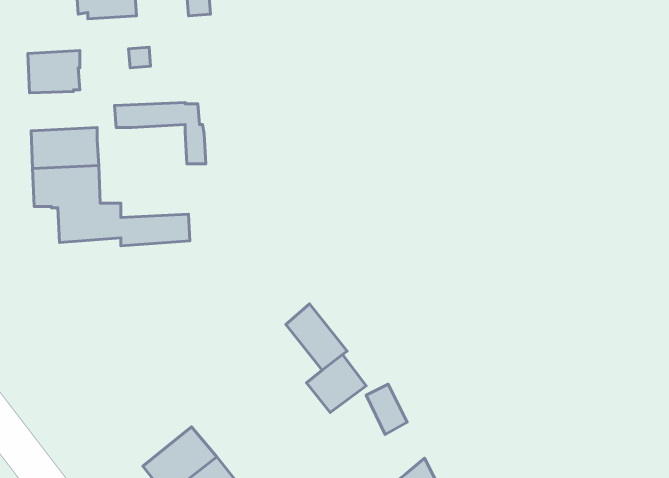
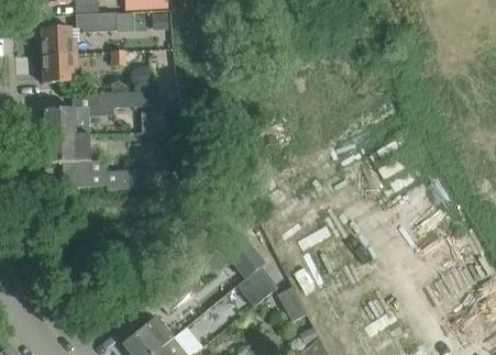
building: none -> [41,26,78,55]

